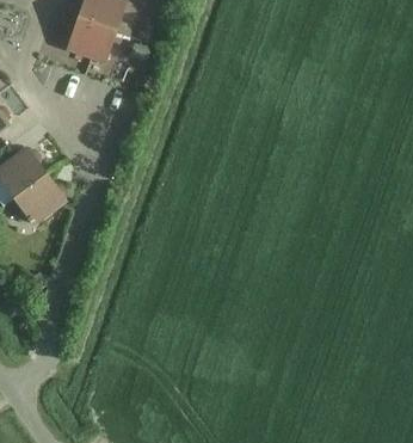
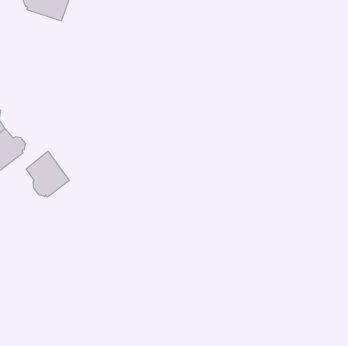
building: none -> [26,151,69,197]

